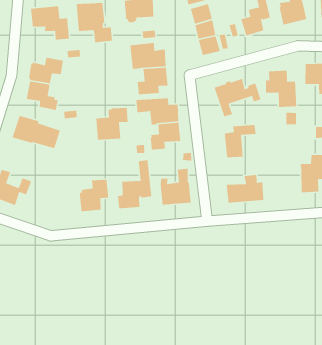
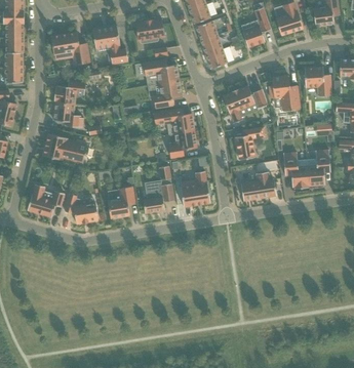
building: [96,107,129,140] -> none
building: none -> [282,153,309,189]
building: none -> [65,194,99,224]

